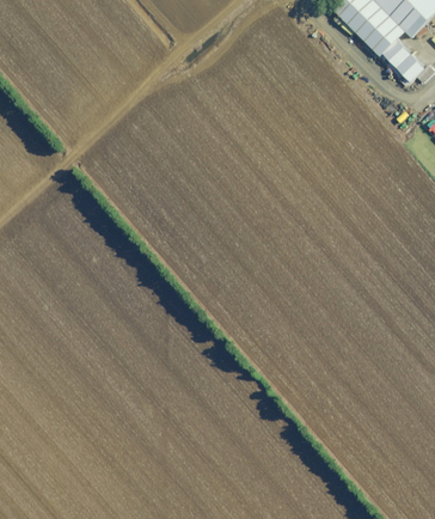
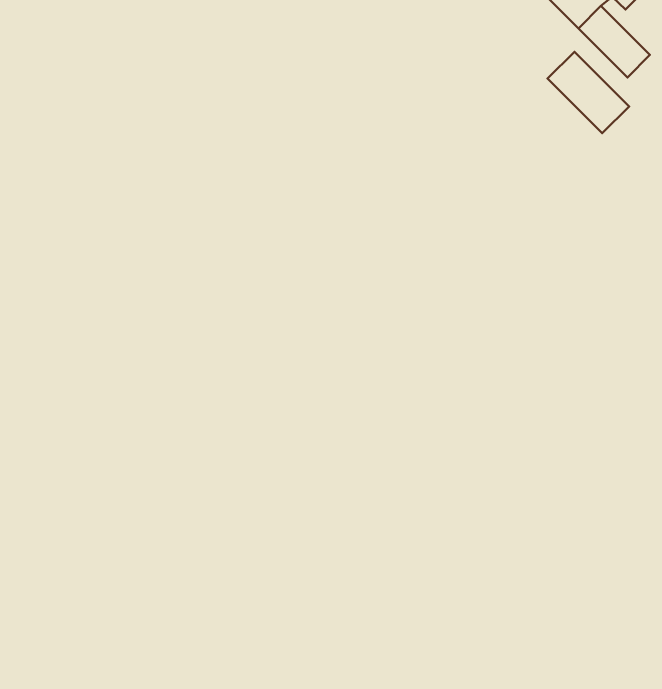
building: none -> [548,52,629,133]

